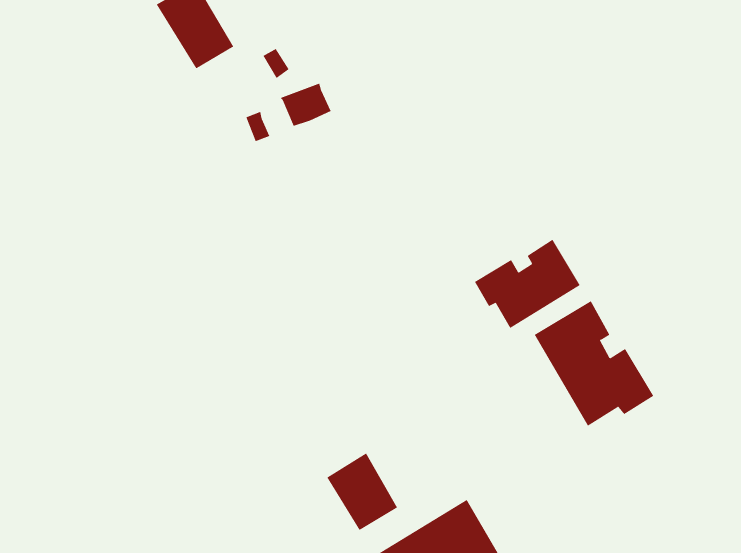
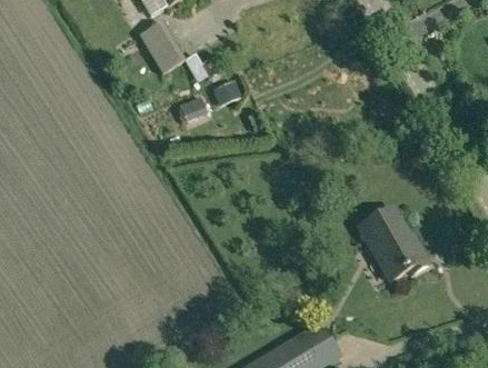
building: [474,239,581,329] -> none
building: [327,452,398,531] -> none

